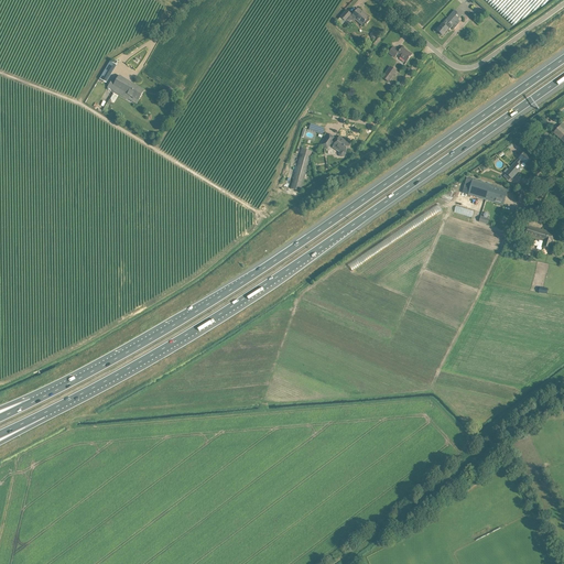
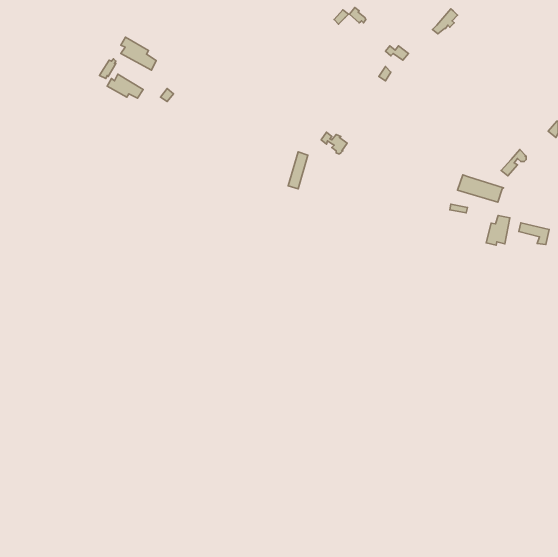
building: none -> [121,37,156,70]
building: none -> [486,216,510,245]

